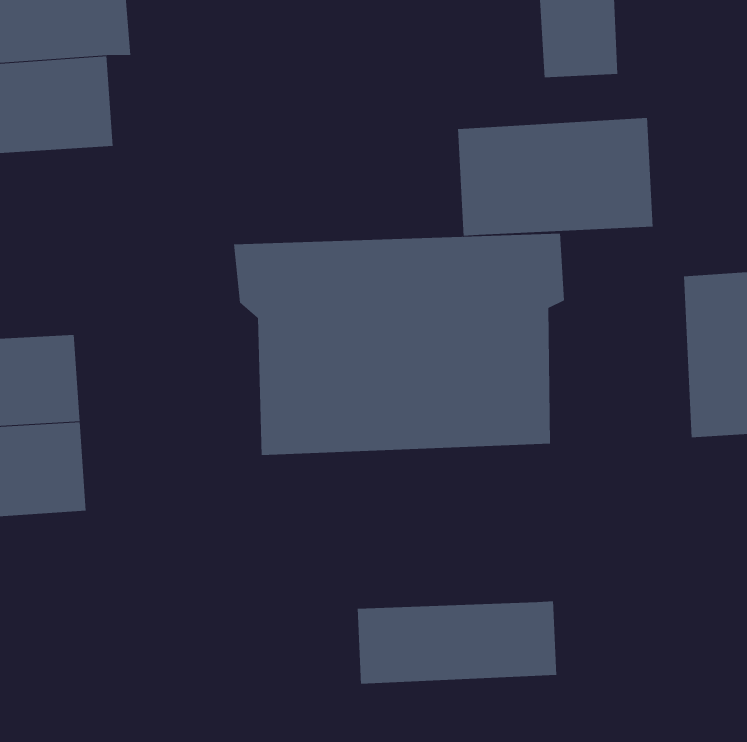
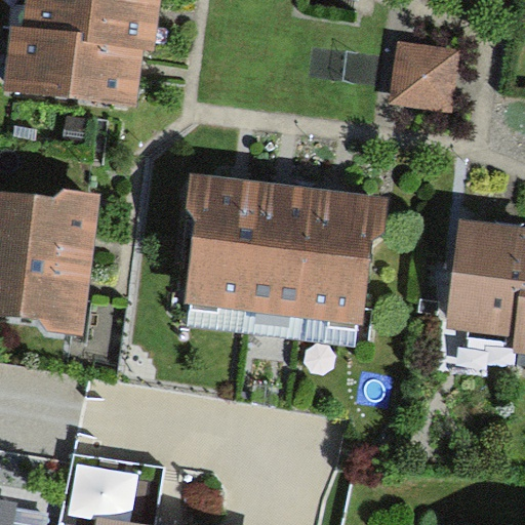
building: [458,117,653,236] -> none
building: [357,601,557,685] -> none

